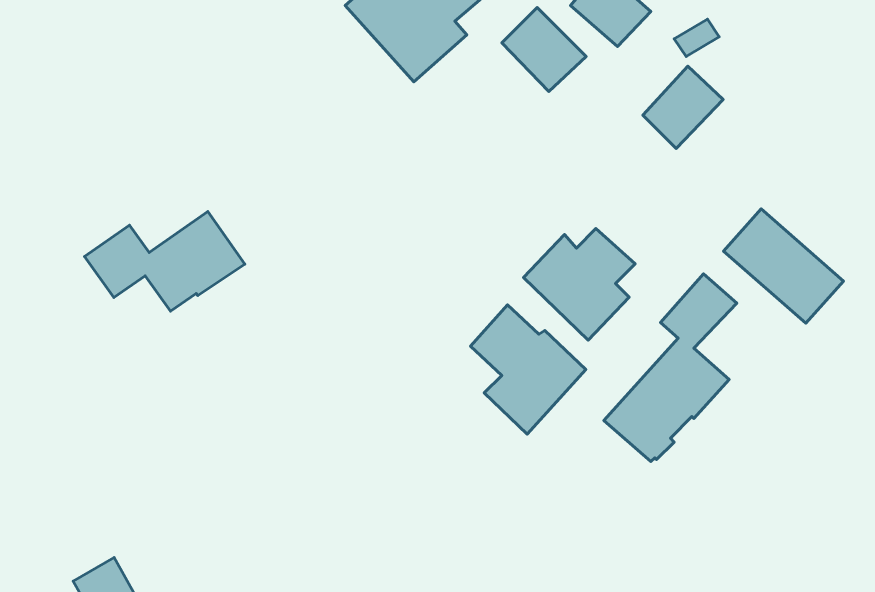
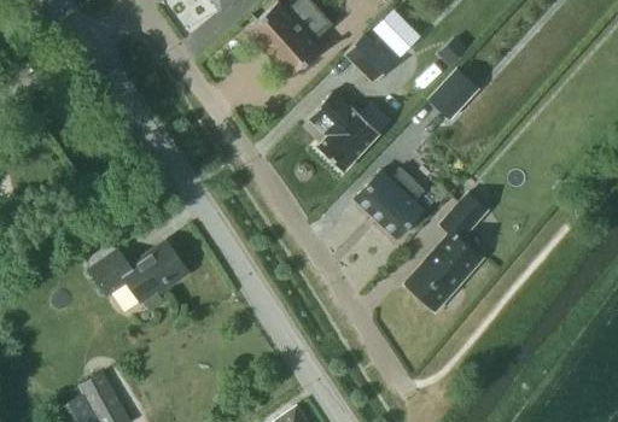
building: [723,209,843,323] -> none
building: [84,211,245,311] -> [88,240,187,301]
building: [470,305,586,434] -> [308,92,379,171]

